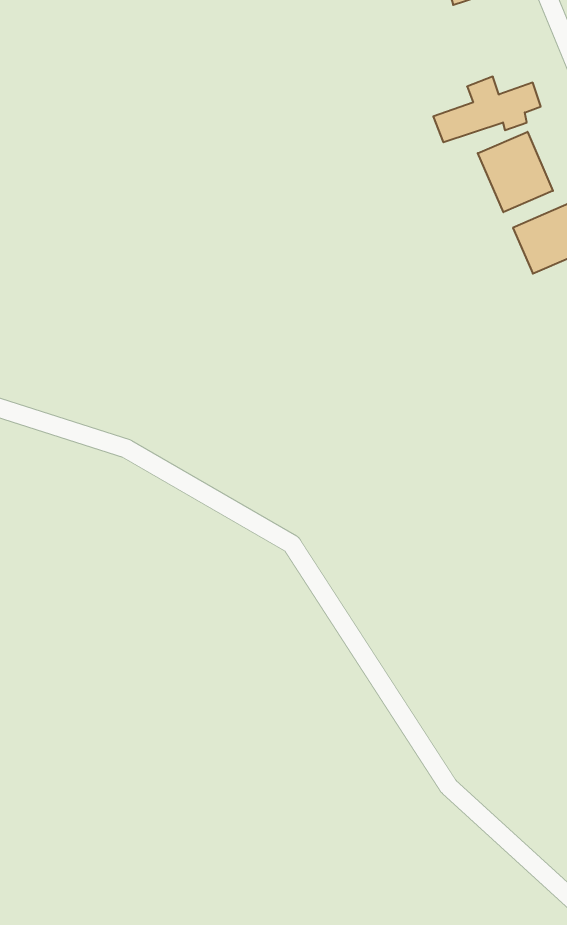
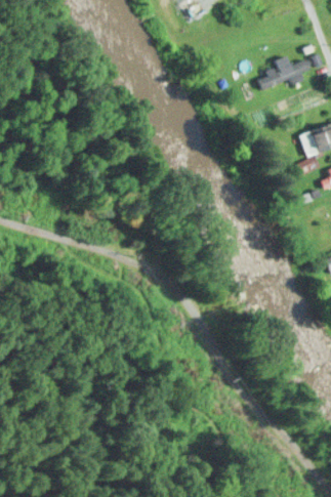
building: [478,132,553,212] -> none

